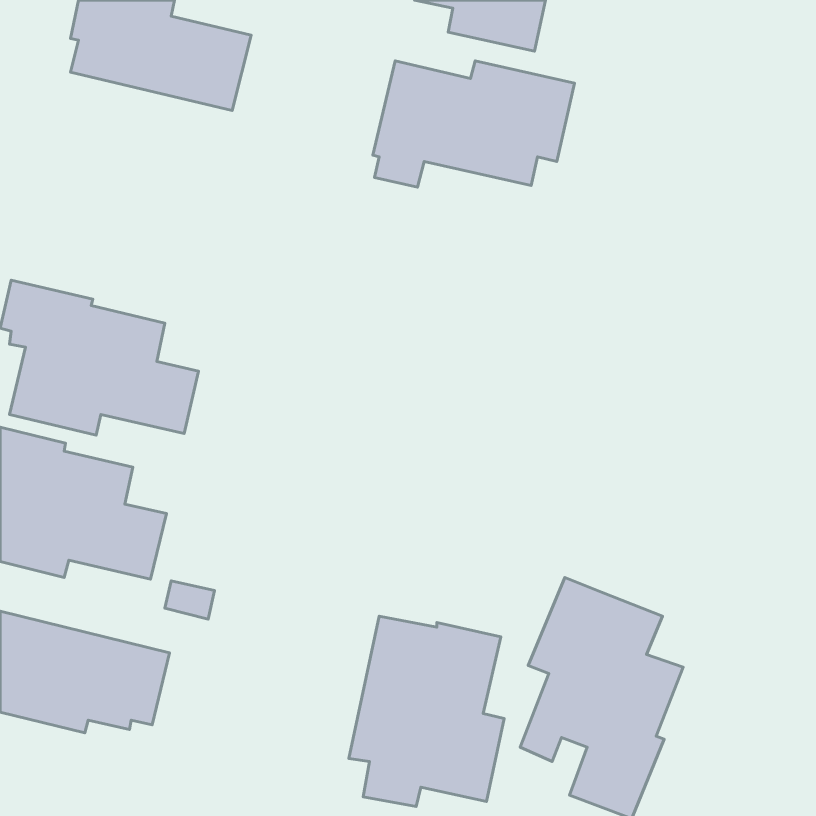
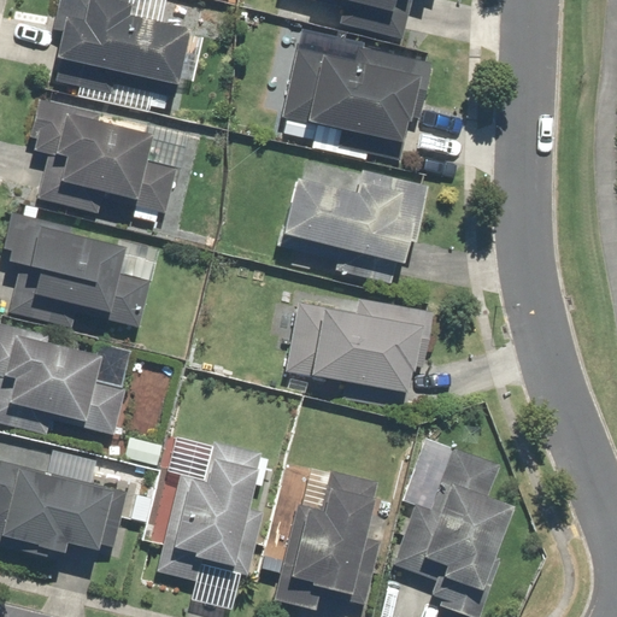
building: none -> [29,99,176,224]
building: none -> [282,170,429,260]
building: none -> [287,300,434,392]
building: none -> [143,436,270,581]

